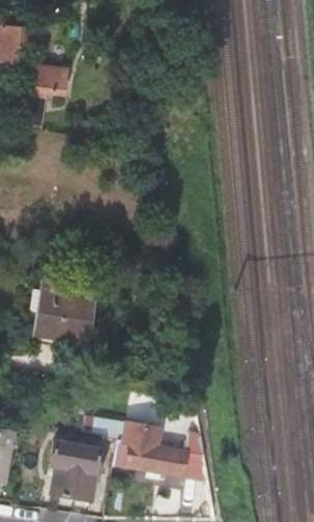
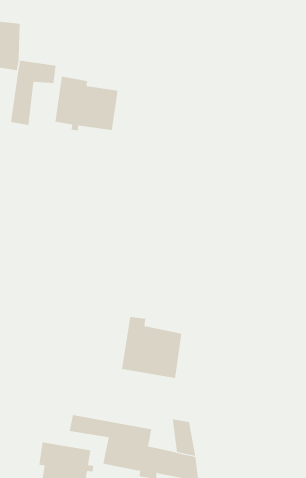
building: none -> [55,76,118,131]
building: [32,282,92,343] -> [121,317,182,379]

